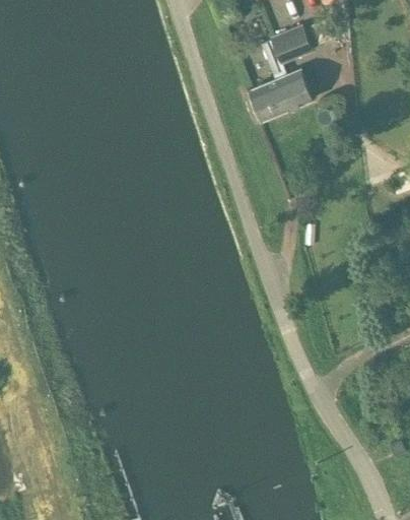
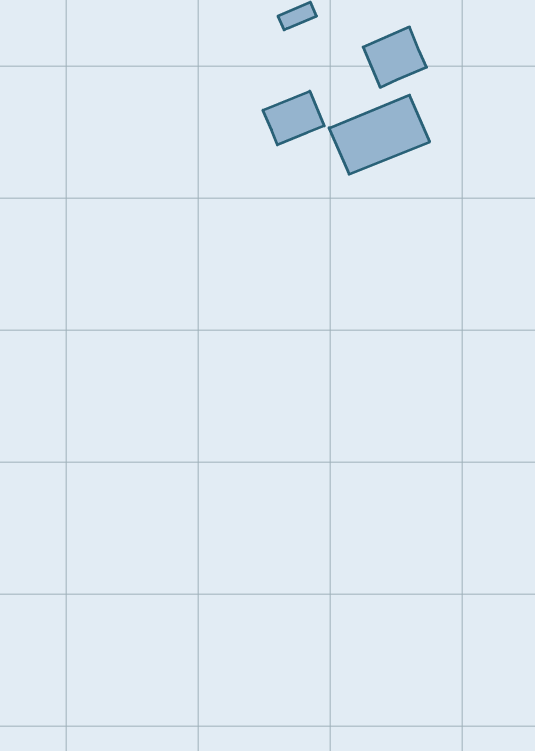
building: none -> [263,91,324,145]

